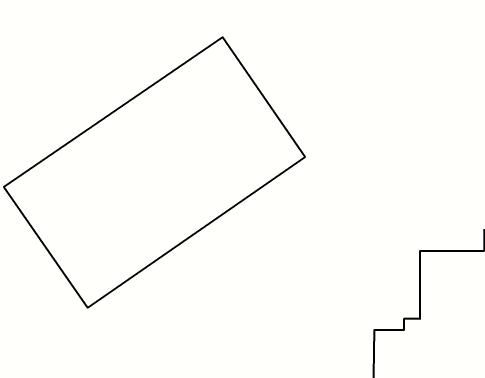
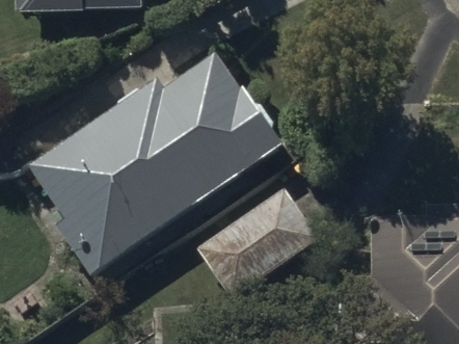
building: none -> [198,190,322,300]

